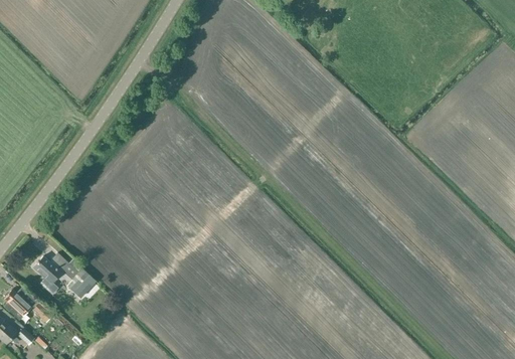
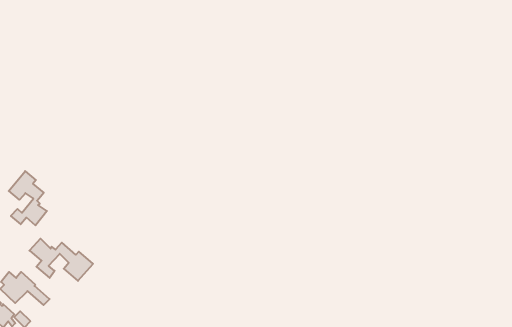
building: none -> [9,171,47,225]

